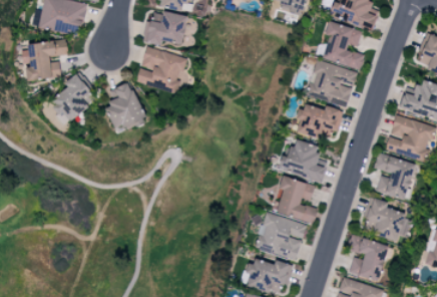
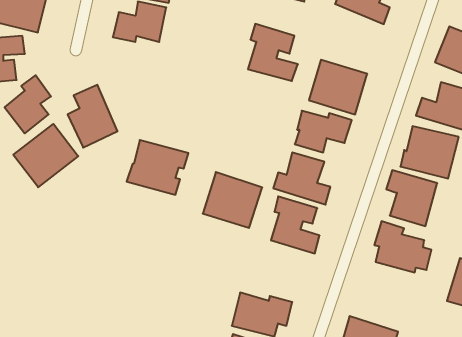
building: [323,21,365,69] -> [248,24,298,81]
building: [135,47,187,93] -> [127,140,188,195]
building: none -> [13,124,78,187]
building: [257,213,307,260] -> [203,172,262,228]
building: [349,237,388,281] -> none

